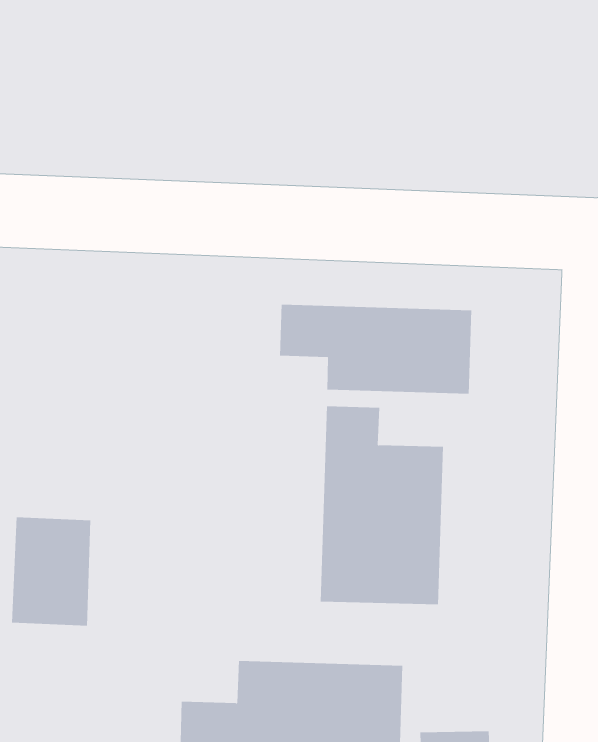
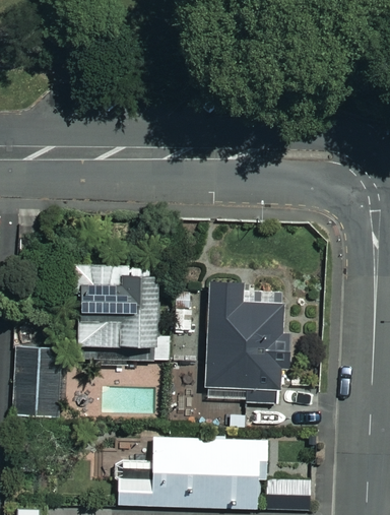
building: [279,304,472,395] -> none
building: none -> [79,264,160,344]

